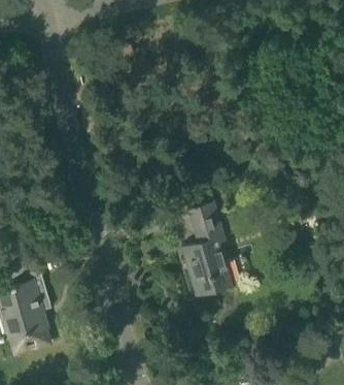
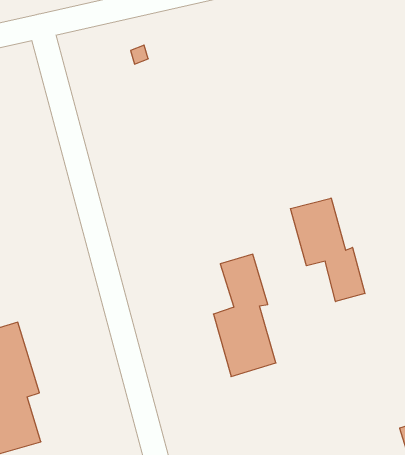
building: none -> [290,198,365,302]

